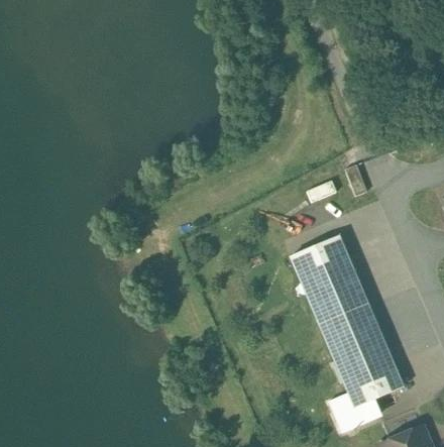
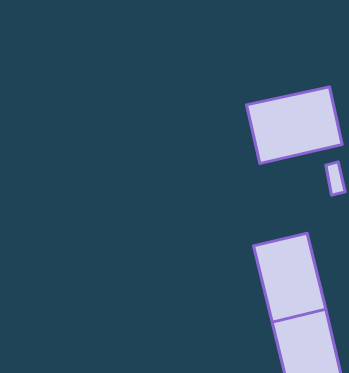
building: none -> [247,87,342,163]

